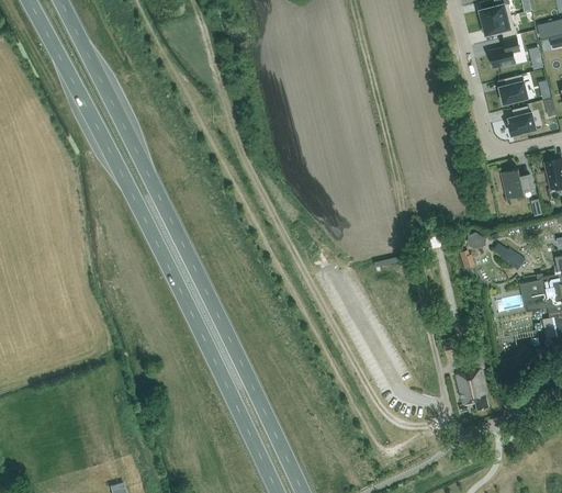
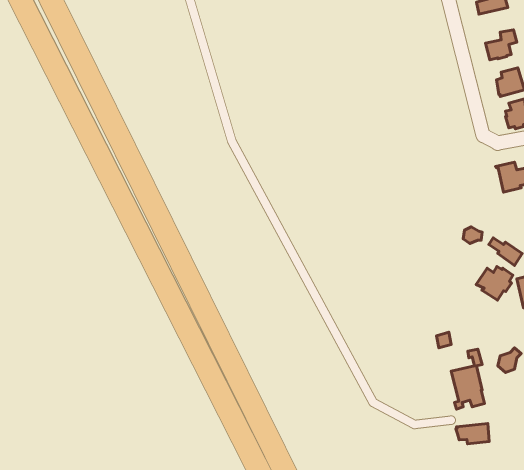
building: [482,16,516,38] -> none
building: none -> [476,266,513,300]
building: none -> [456,423,489,444]

